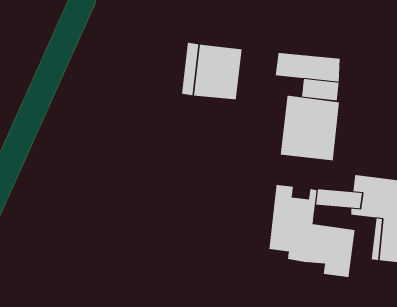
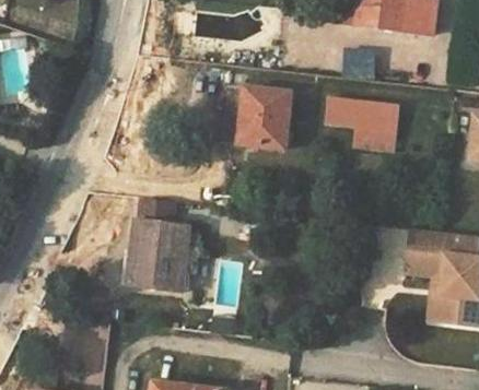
building: [280,95,340,161] -> none
building: none -> [127,200,188,291]
building: [269,184,355,278] -> none

